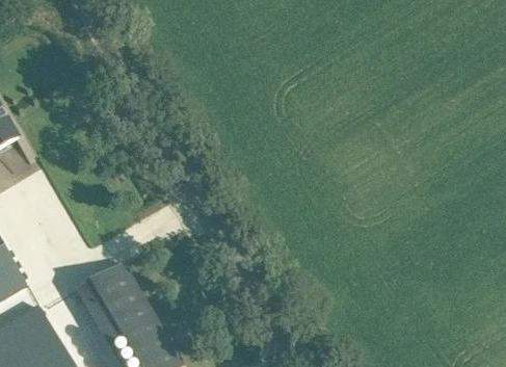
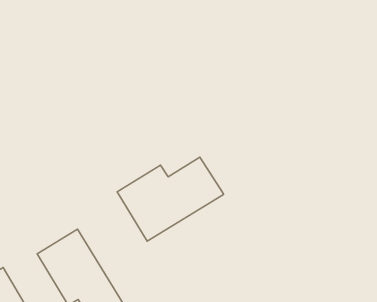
building: none -> [117,157,223,241]

